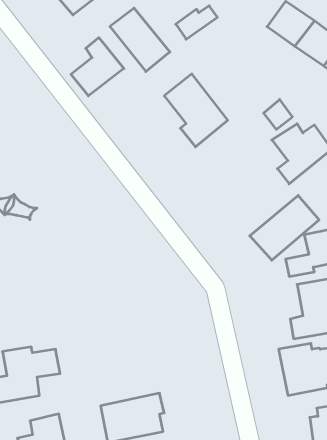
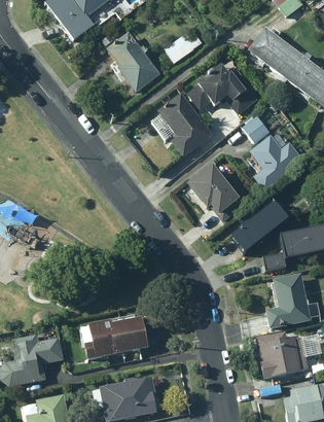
building: [71,38,124,96] -> none
building: none -> [187,64,263,116]
building: none -> [189,166,243,222]
building: none -> [78,315,145,360]

